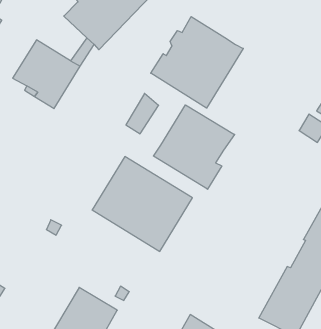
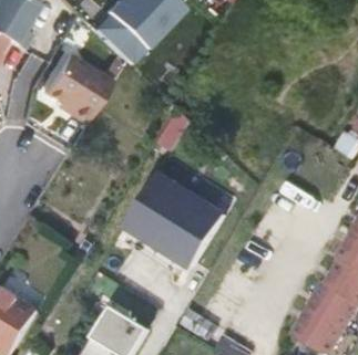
building: [151,17,243,108] -> none
building: [153,105,235,189] -> none

